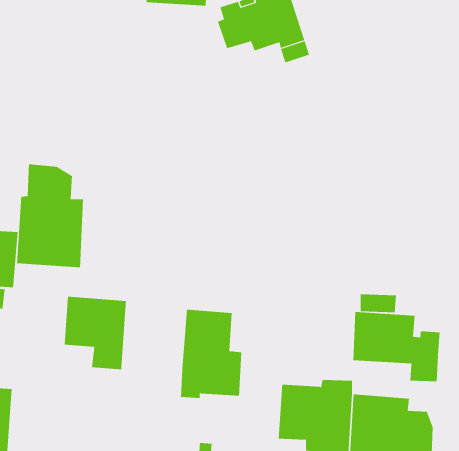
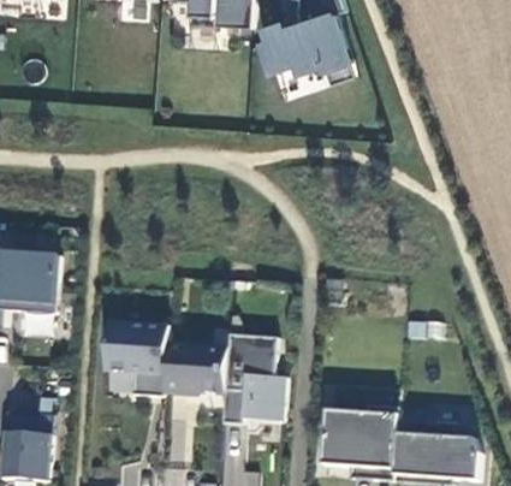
building: [17,164,84,268] -> none
building: [353,311,440,382] -> none
building: none -> [164,343,227,393]

